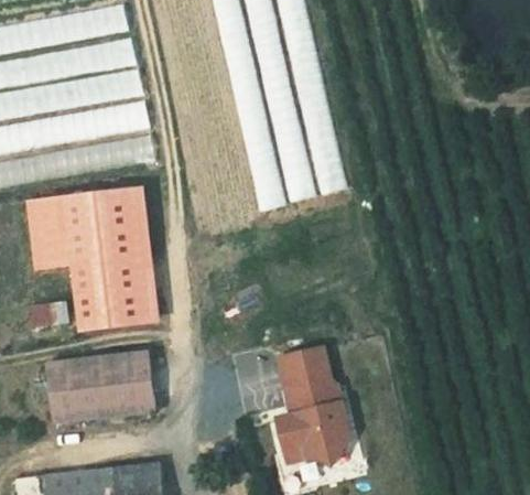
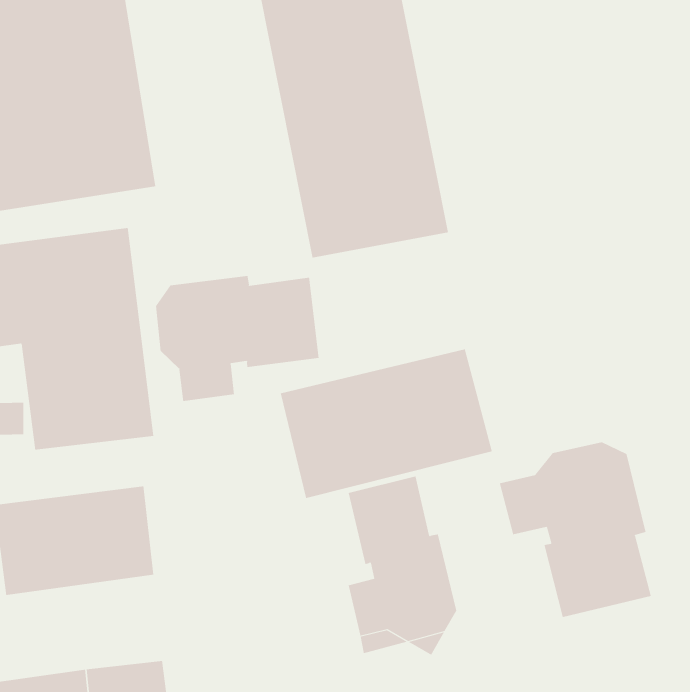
building: none -> [156,275,319,402]
building: none -> [280,349,492,499]
building: none -> [499,442,652,618]

